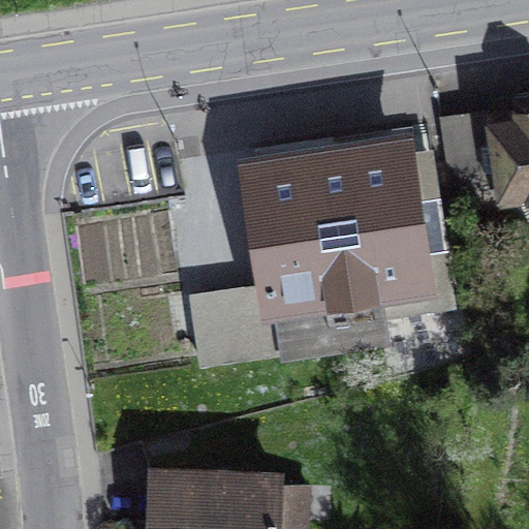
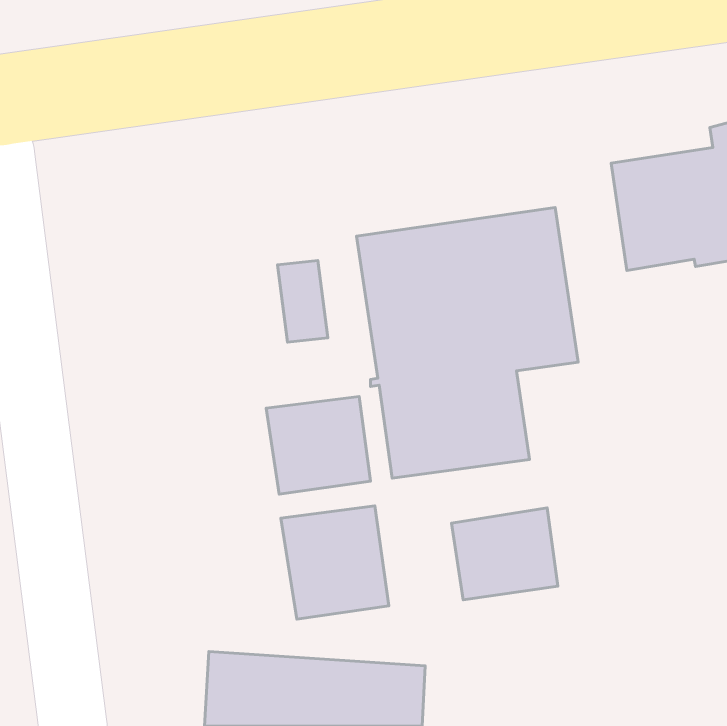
building: none -> [281,506,389,619]
building: none -> [452,508,558,600]

